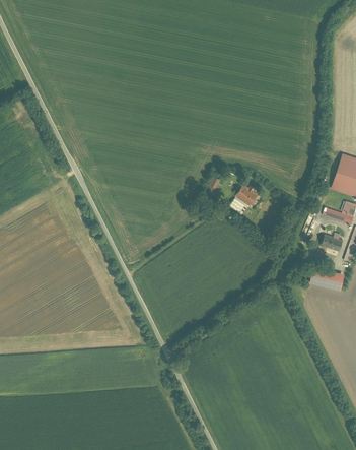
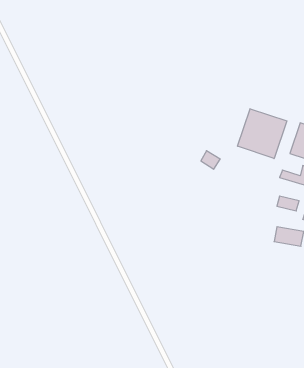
building: none -> [238,109,287,159]

